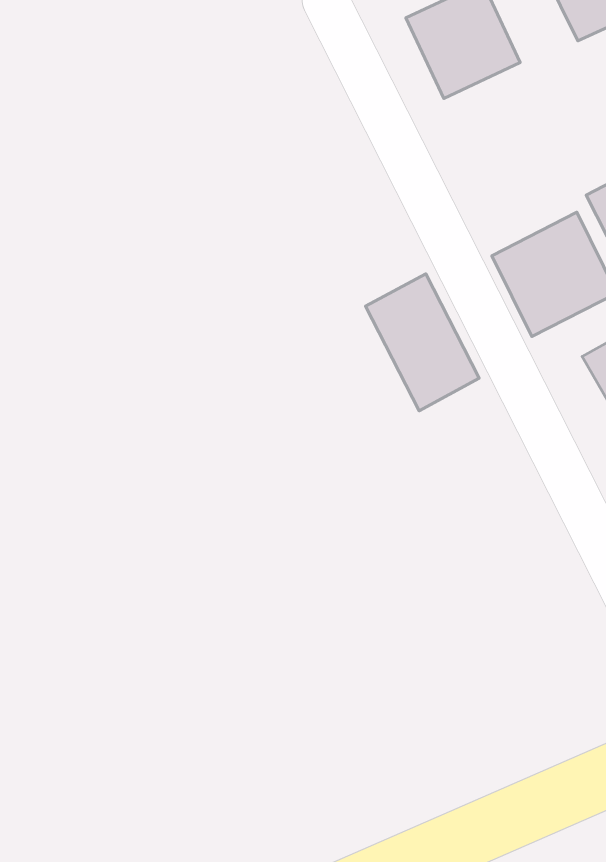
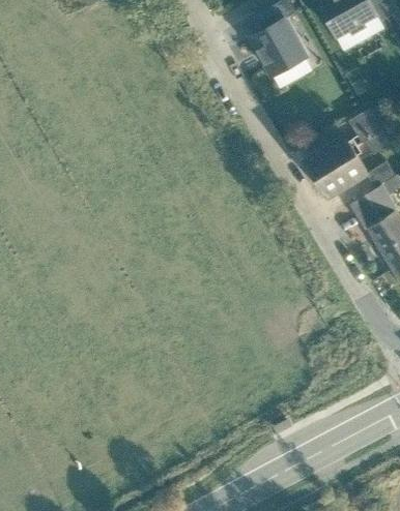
building: [366,274,479,411] -> none

